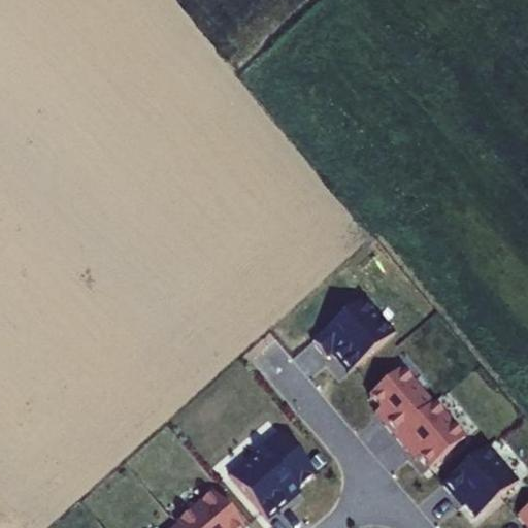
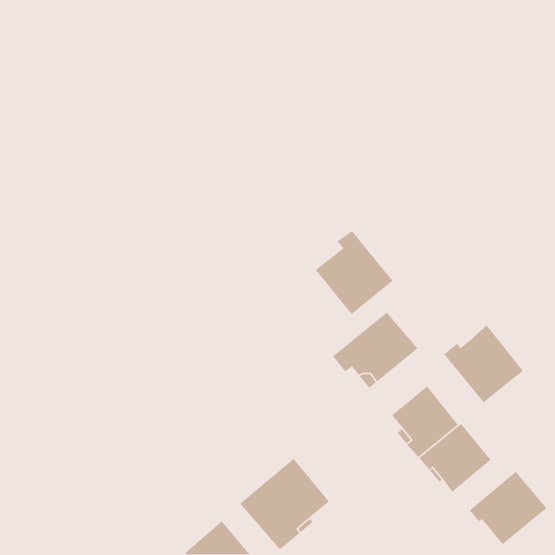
building: none -> [315,230,393,315]
building: none -> [443,325,524,404]

